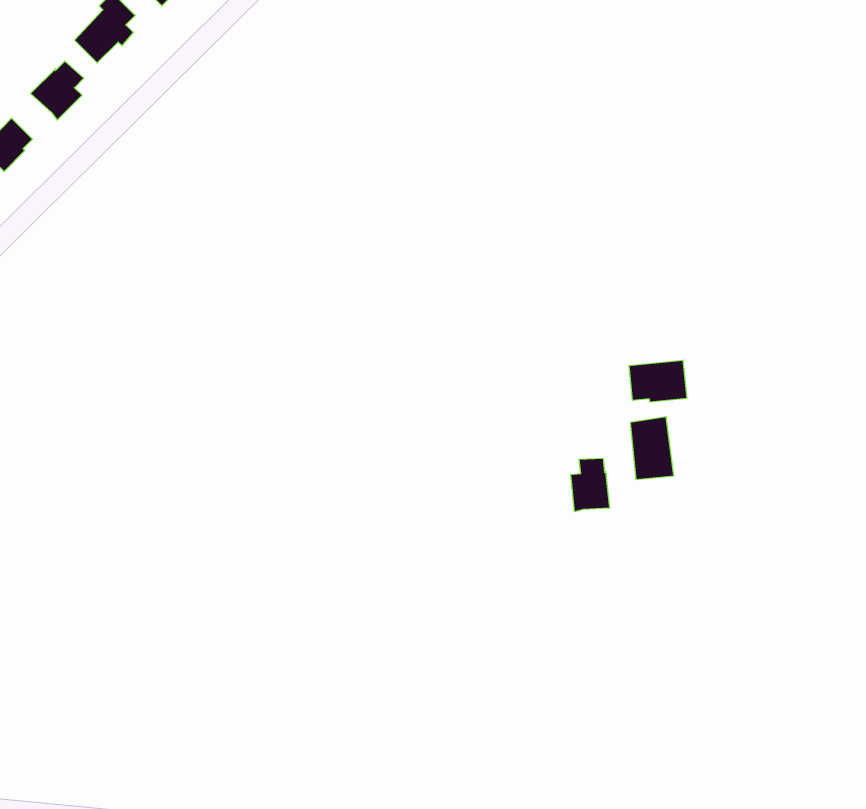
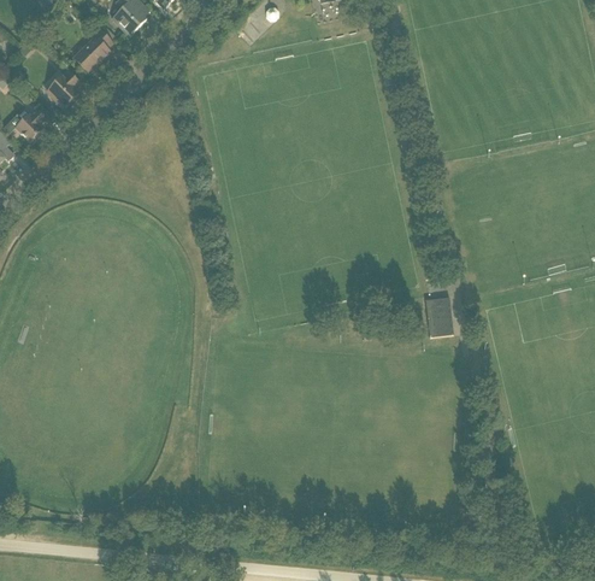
building: [629,360,687,402] -> none
building: [571,458,609,512] -> none

